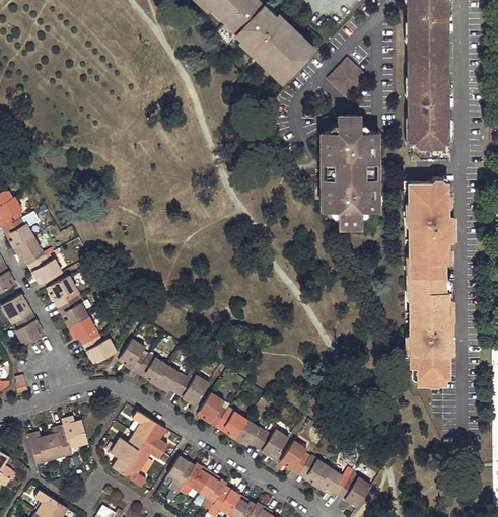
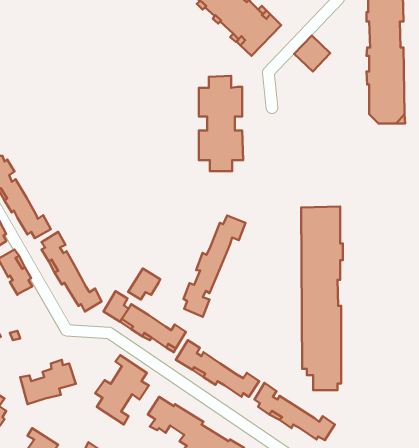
building: [325,119,373,223] -> [199,76,243,171]
building: [404,182,449,383] -> [301,207,343,390]
building: none -> [183,216,245,317]
building: none -> [128,269,160,300]

